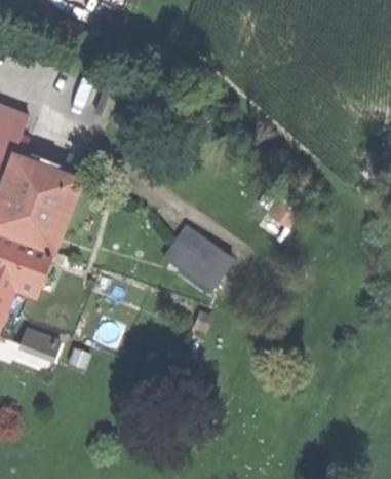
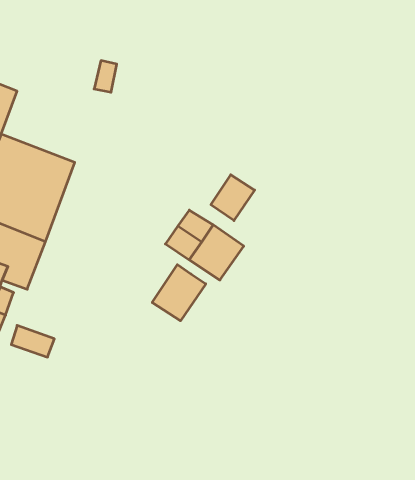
building: none -> [211,175,255,221]
building: none -> [152,265,206,321]

